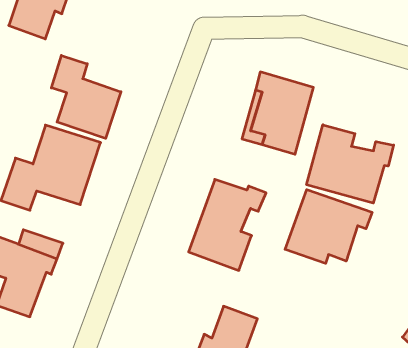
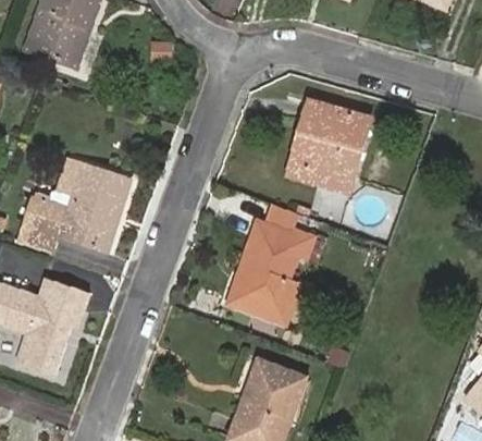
building: [51,55,121,138] -> none
building: [307,125,394,203] -> none
building: [285,190,372,263] -> none

